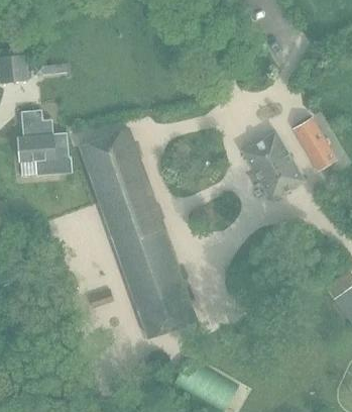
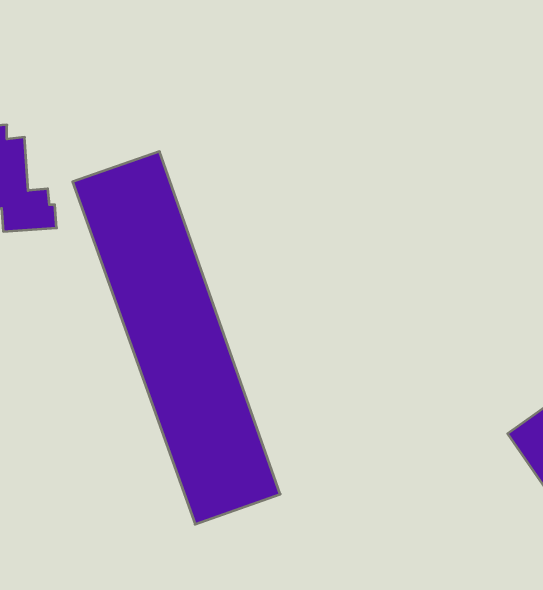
building: [295,116,336,168] -> none
building: [242,128,304,197] -> none

